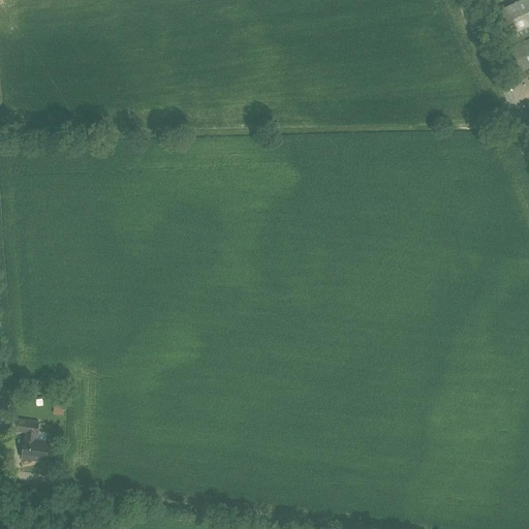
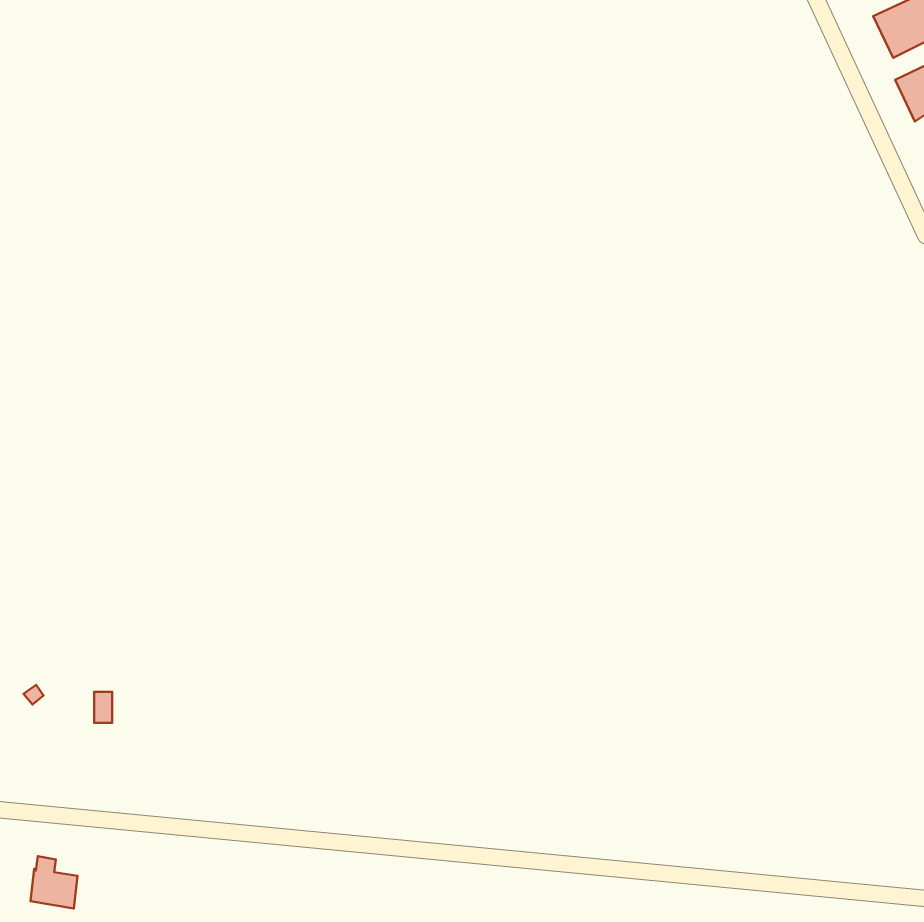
building: [24,429,51,459] -> [30,856,78,909]

